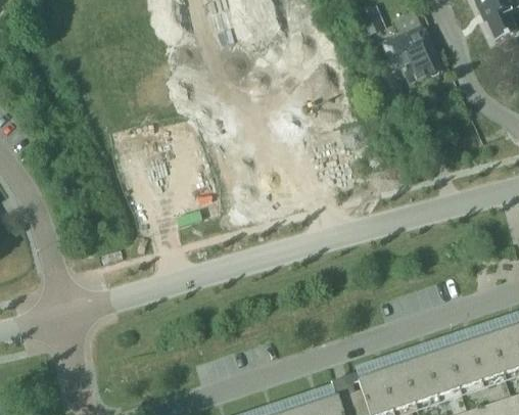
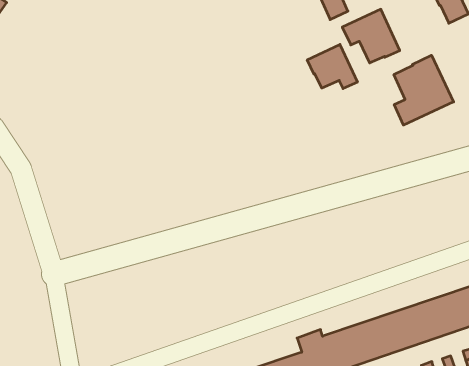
building: none -> [307,44,357,89]
building: none -> [394,55,454,125]

